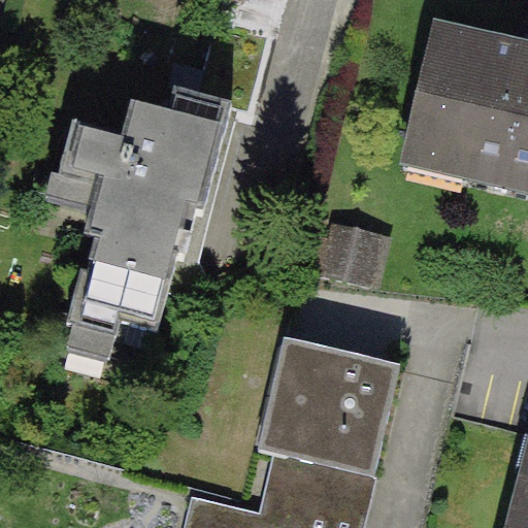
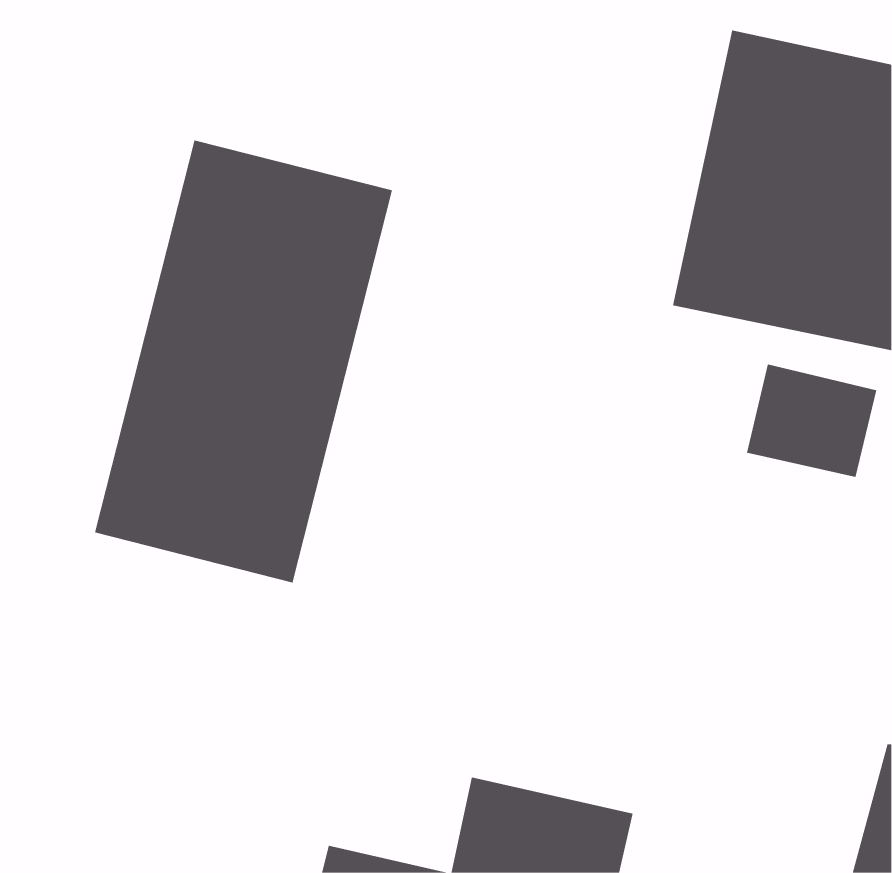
building: [318,217,395,284] -> [746,364,877,477]
building: [262,338,402,477] -> none

